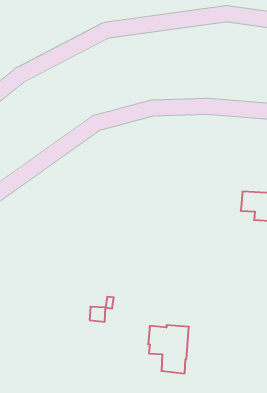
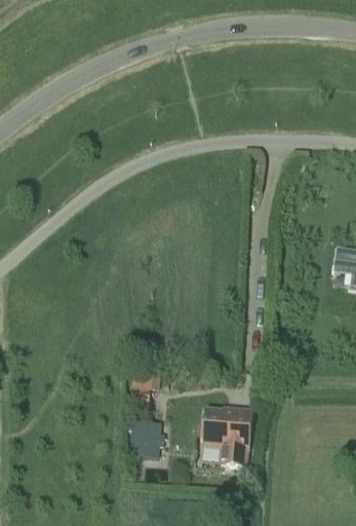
building: none -> [130,418,165,456]

